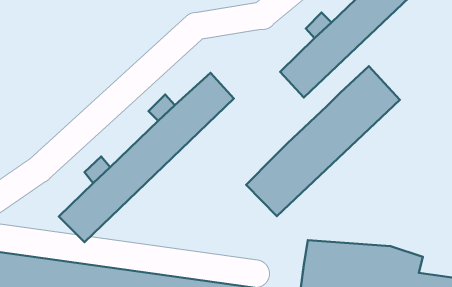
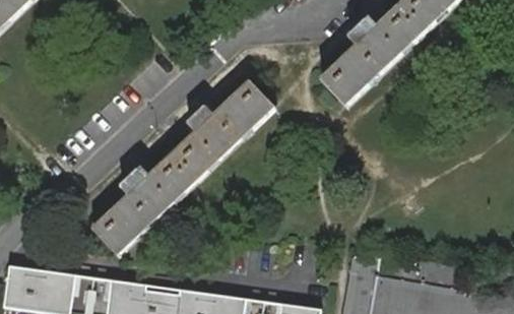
building: [246,66,400,216] -> none

